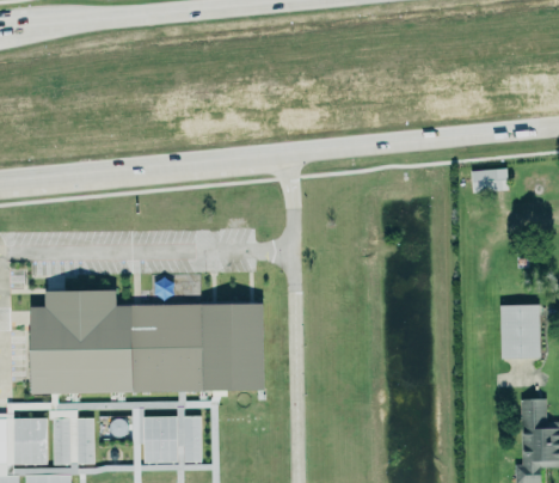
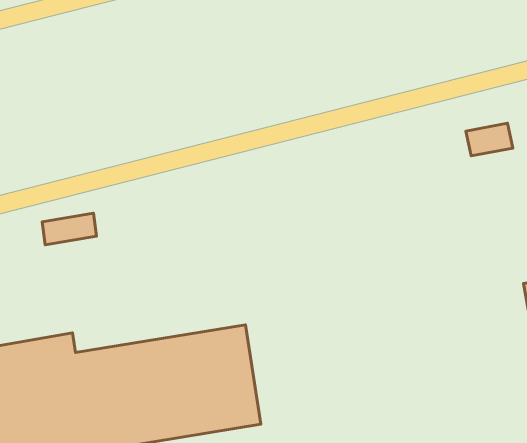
building: none -> [42,213,97,245]

